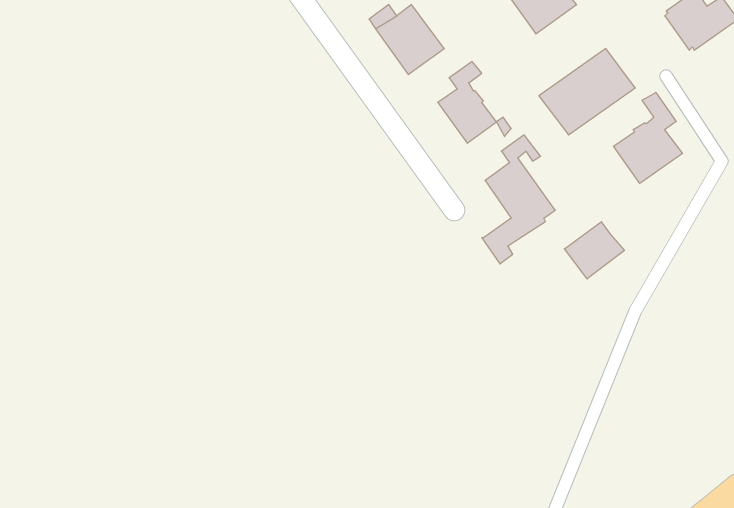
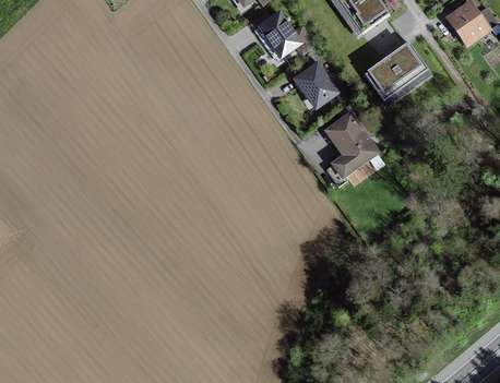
building: [614,92,682,183] -> none
building: [564,222,624,279] -> none

